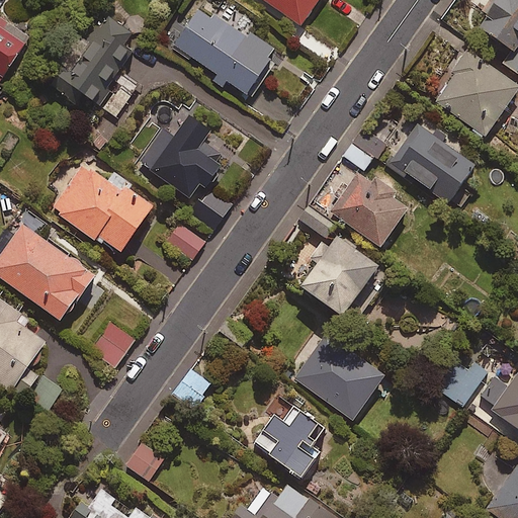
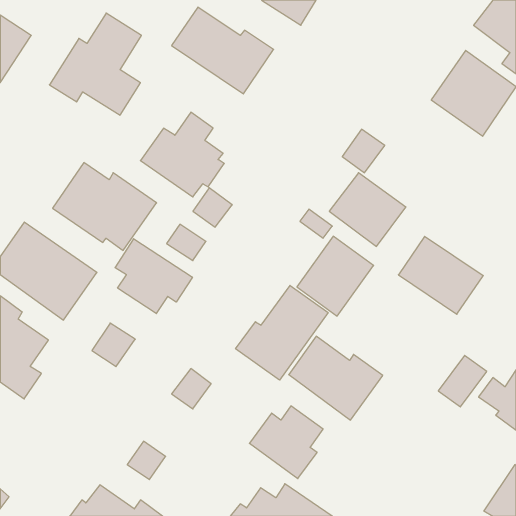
building: [387,125,472,203] -> [398,236,483,314]
building: none -> [115,239,192,314]
building: none -> [236,285,328,380]

